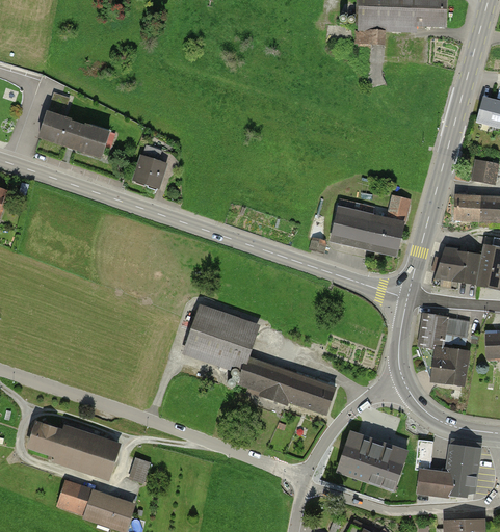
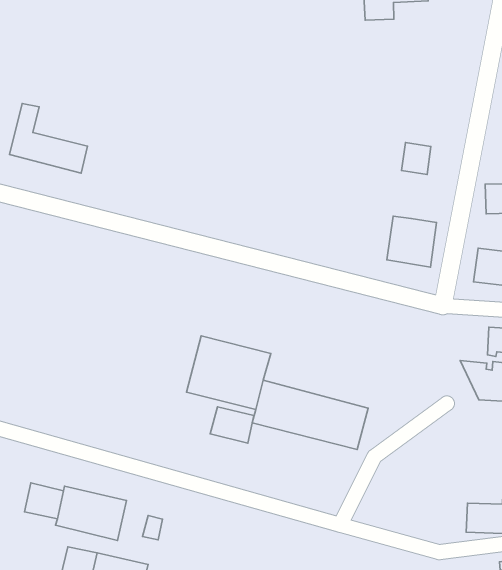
building: [137,144,166,185] -> none
building: [387,193,414,222] -> [402,143,431,174]
building: [325,206,371,251] -> none
building: [420,312,448,348] -> none
building: none -> [210,407,254,443]
building: [340,430,410,489] -> none

